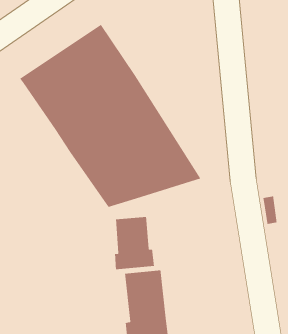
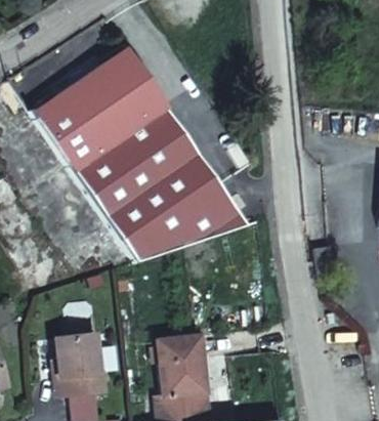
building: [114,216,155,270] -> [54,331,101,393]

